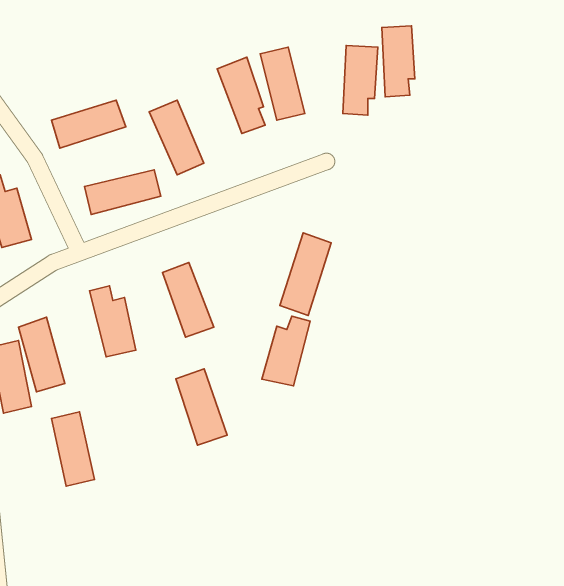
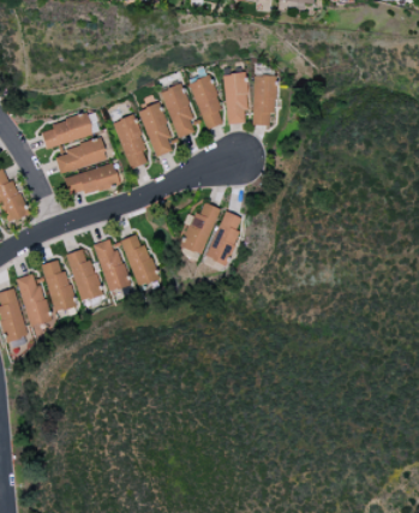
building: [382,26,415,97] -> [225,72,249,124]
building: none -> [140,102,174,156]
building: none -> [54,138,108,173]
building: [262,316,310,386] -> [182,203,217,253]
building: [176,369,227,445] -> [94,237,131,292]
building: [51,412,94,486] -> [43,258,74,312]

